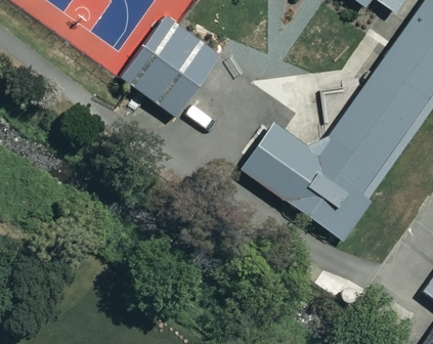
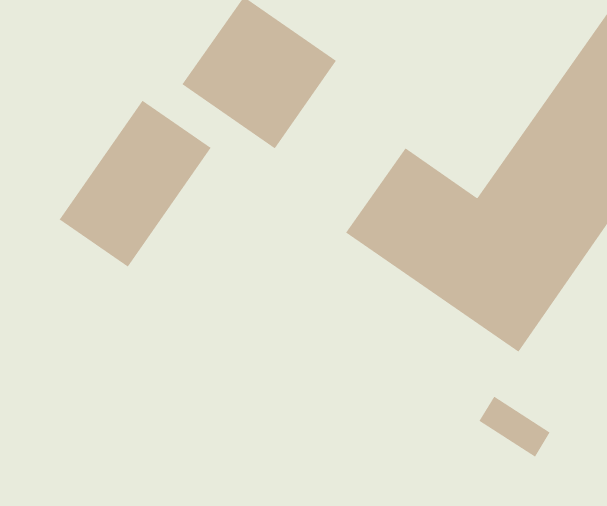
building: none -> [59,100,211,267]

